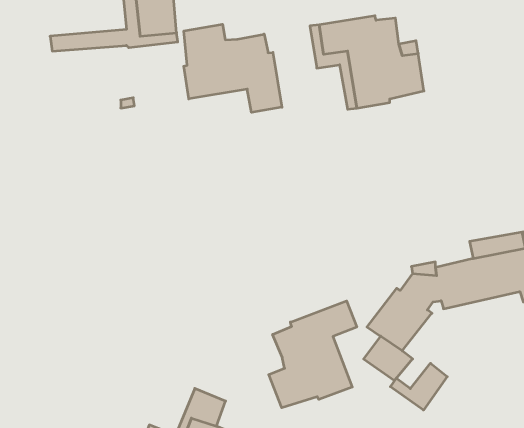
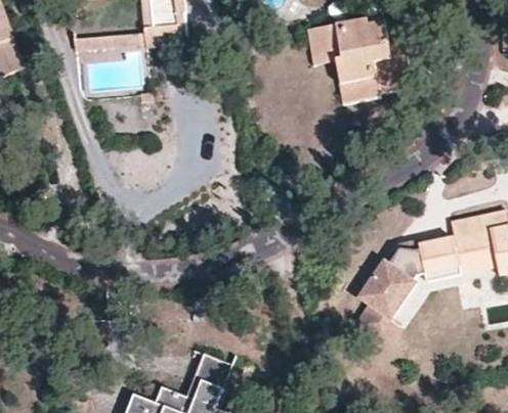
building: [184,24,282,112] -> none
building: [269,301,357,408] -> none
building: [390,363,447,410] -> none

